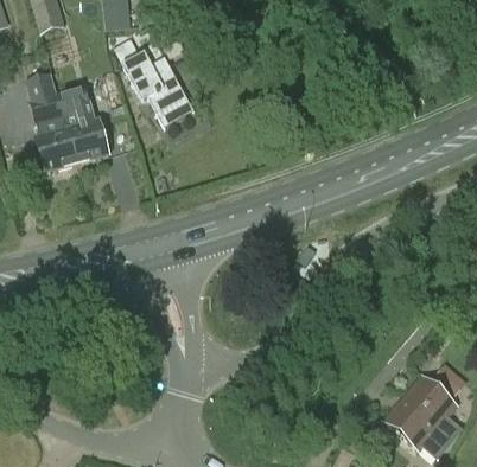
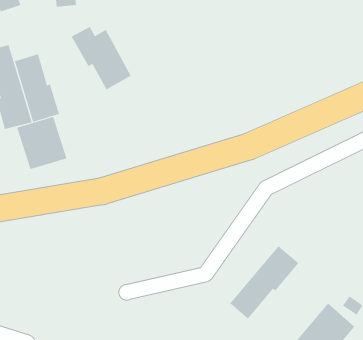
building: none -> [17,116,67,170]
building: none -> [216,245,299,321]

